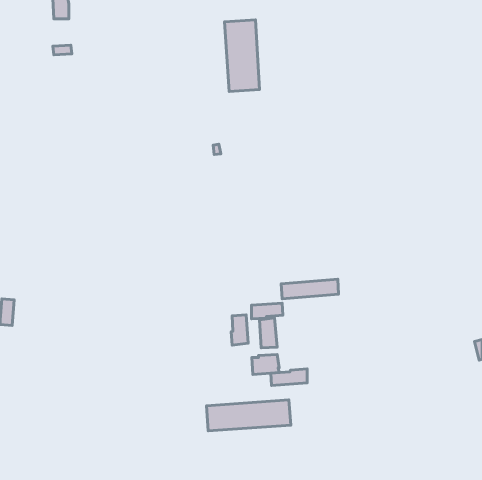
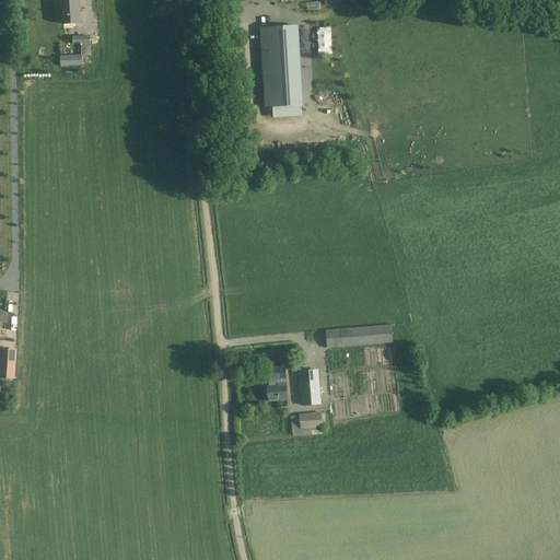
building: [251,303,283,319] -> none
building: [271,369,307,385] -> none
building: [207,400,291,431] -> none

